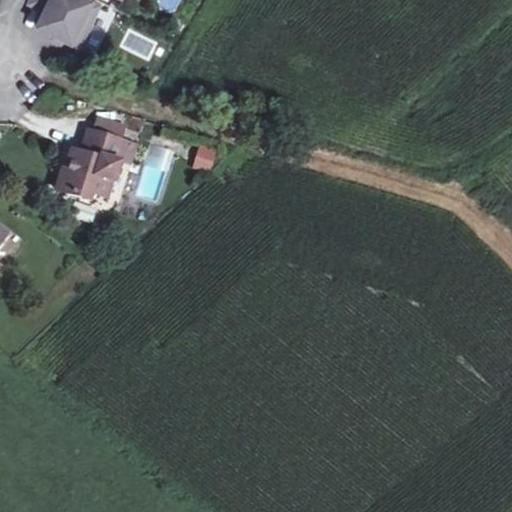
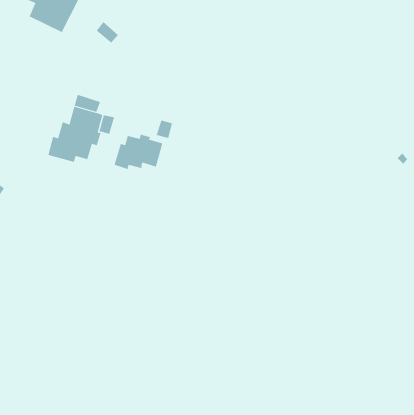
building: none -> [114,134,163,170]

